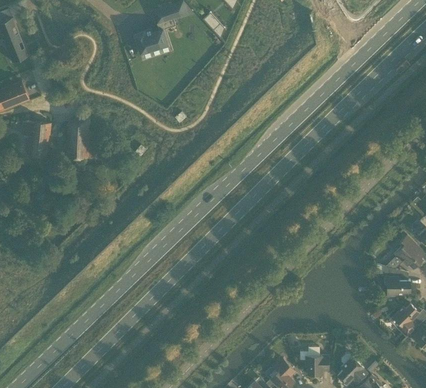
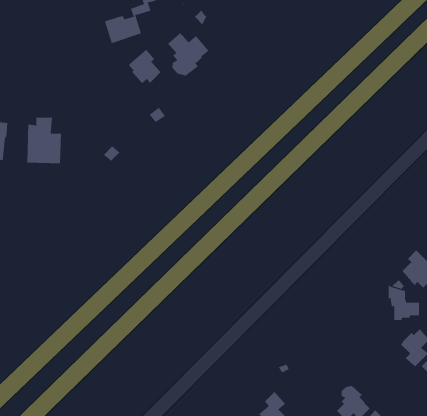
building: none -> [167,32,209,77]
building: none -> [128,49,161,84]
building: [299,348,329,375] -> none

